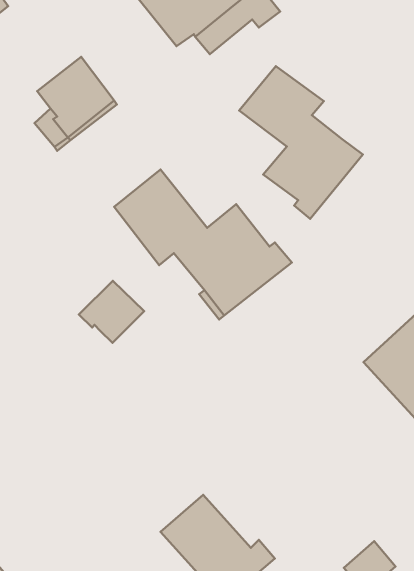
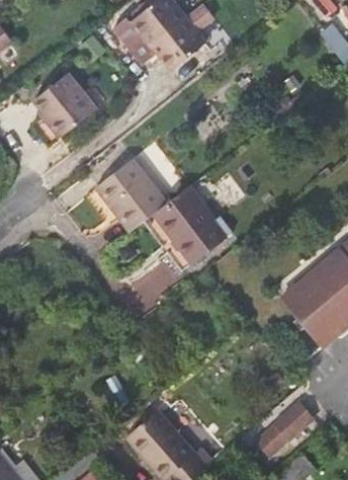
building: [239,66,363,219] -> none
building: [79,281,144,343] -> none
building: none -> [255,396,316,454]

